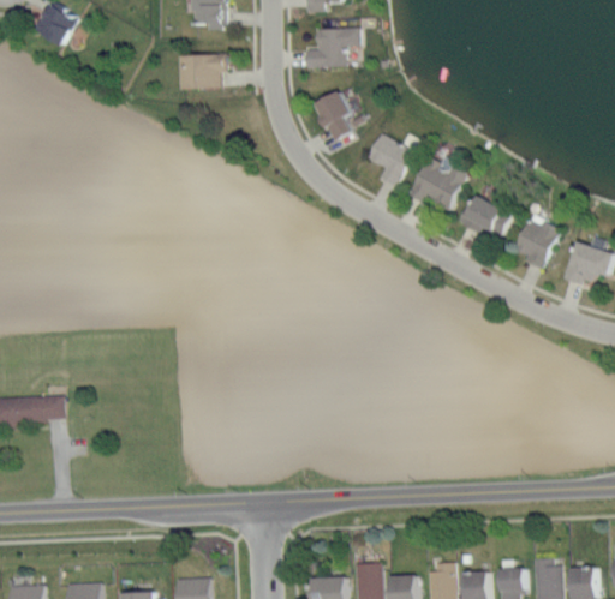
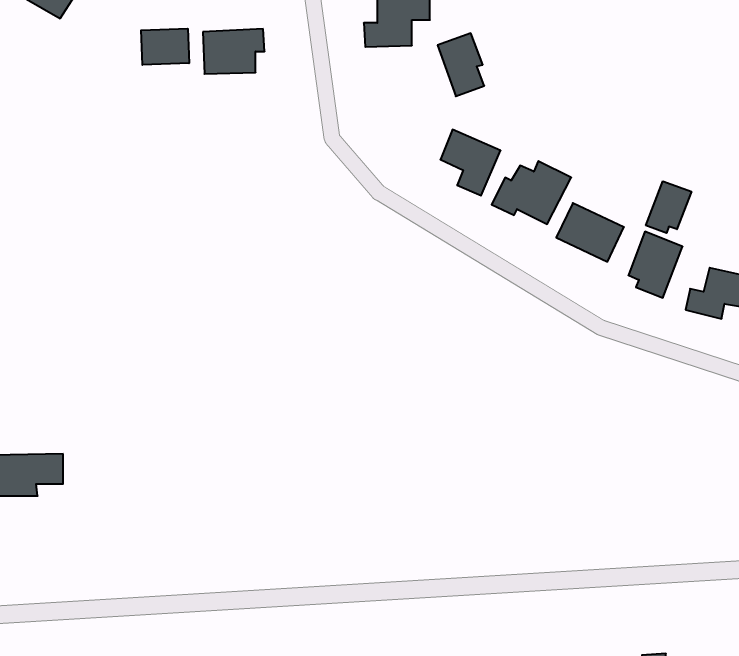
building: none -> [141,29,189,65]
building: [320,94,357,144] -> [438,33,484,96]
building: none -> [646,181,691,233]

